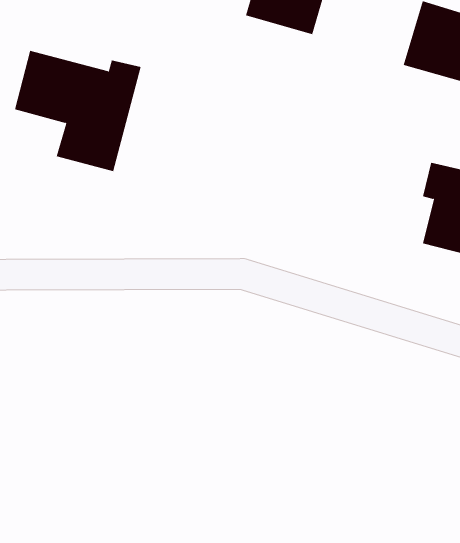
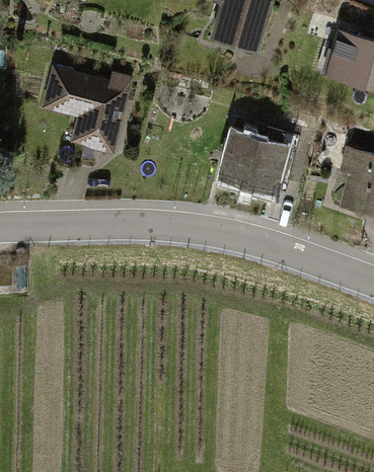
building: none -> [217,126,299,198]

